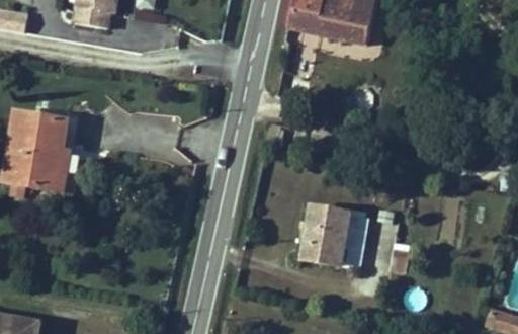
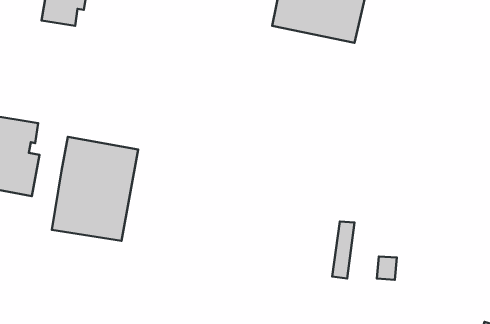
building: none -> [52,137,138,241]
building: [304,205,351,263] -> none

